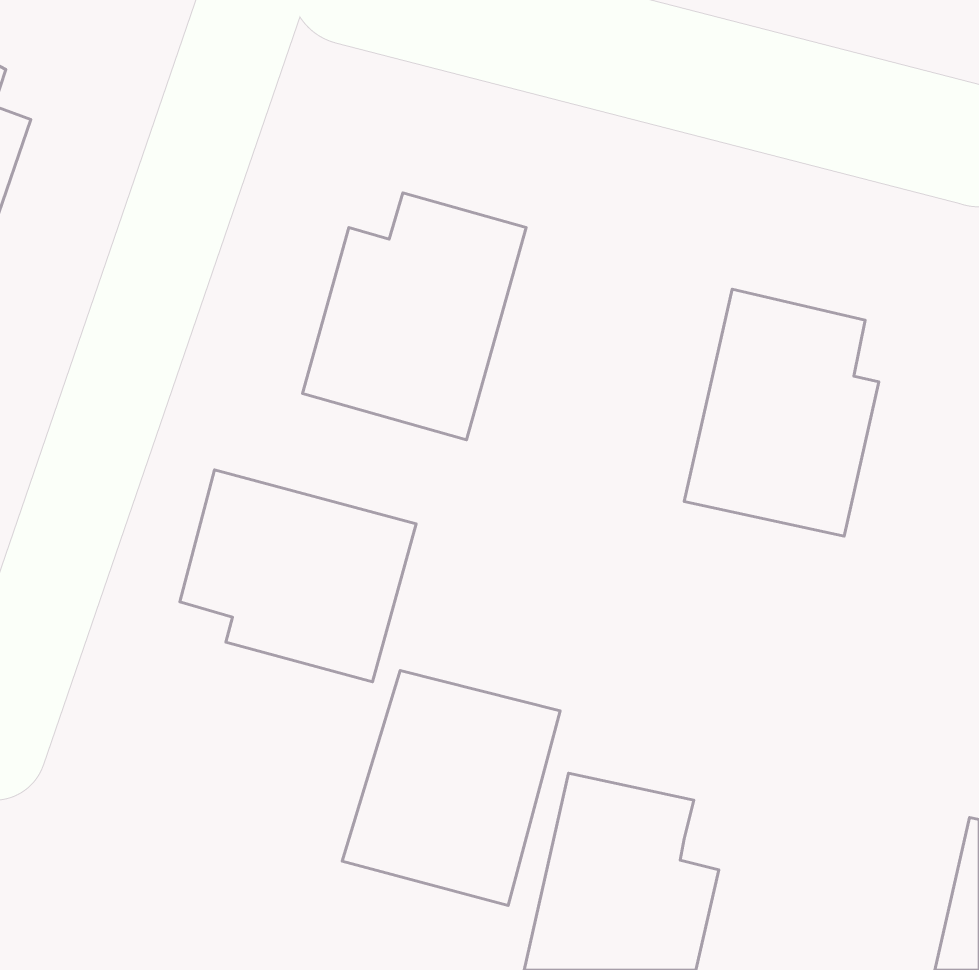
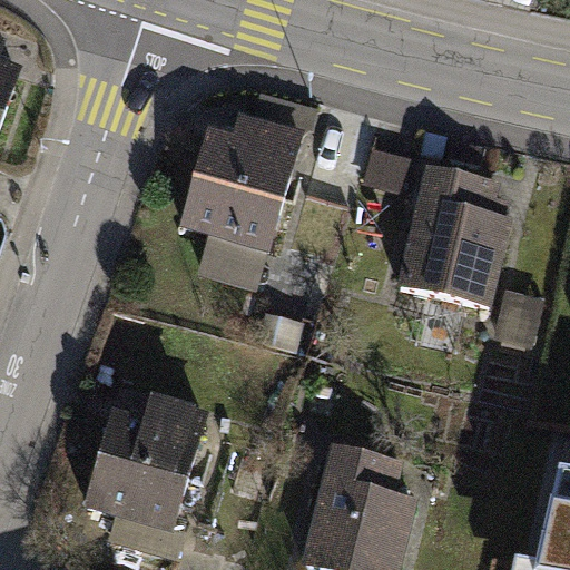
building: [180,470,416,682] -> none
building: [342,670,560,906] -> [85,399,210,534]

